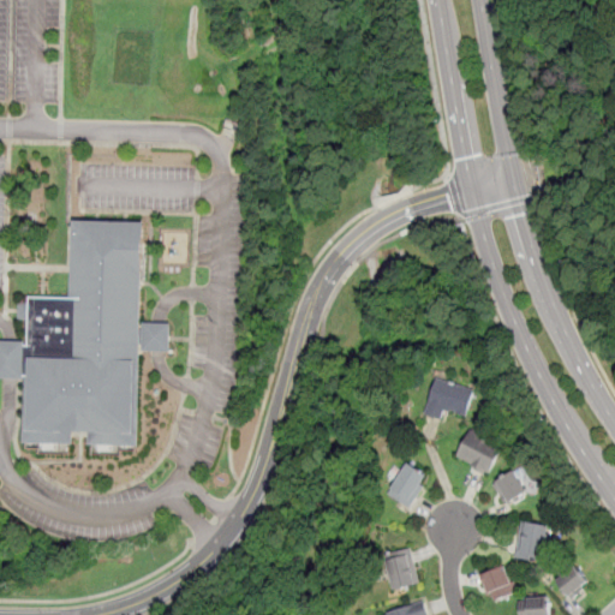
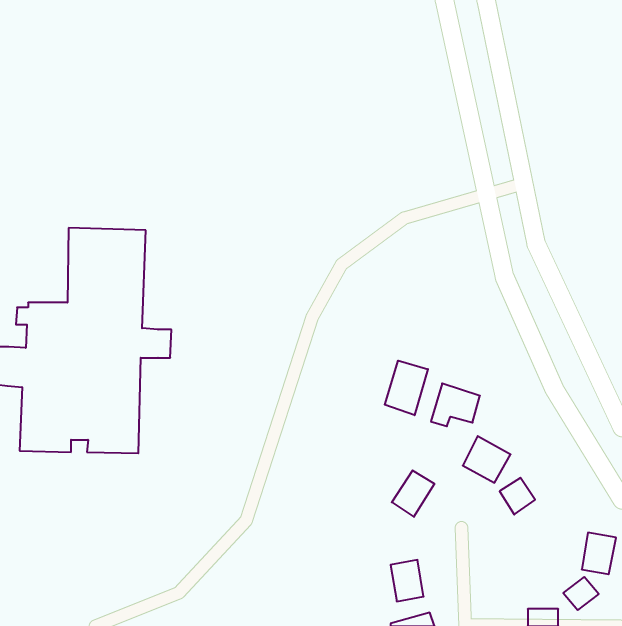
building: none -> [385,361,428,415]
building: [513,520,547,561] -> [582,533,616,574]
building: [477,562,514,602] -> none

